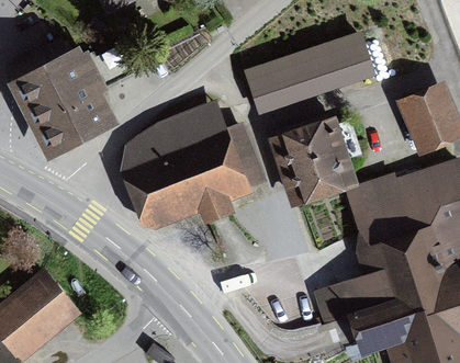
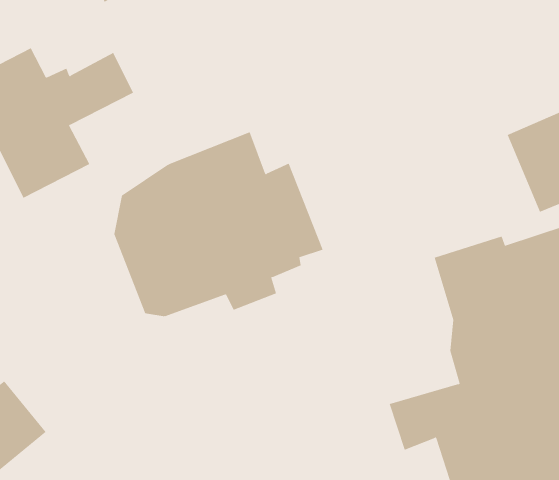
building: [243,31,375,115] -> none
building: [267,115,359,209] -> none

